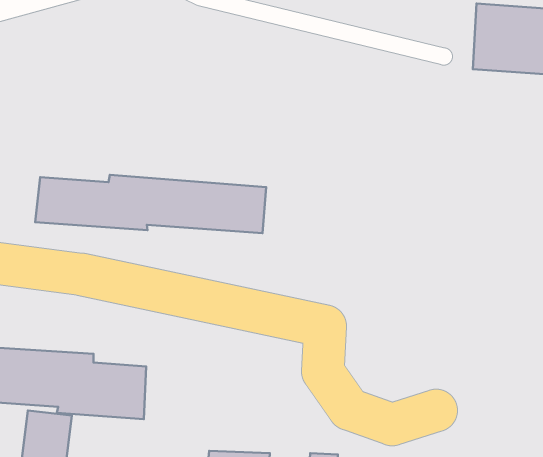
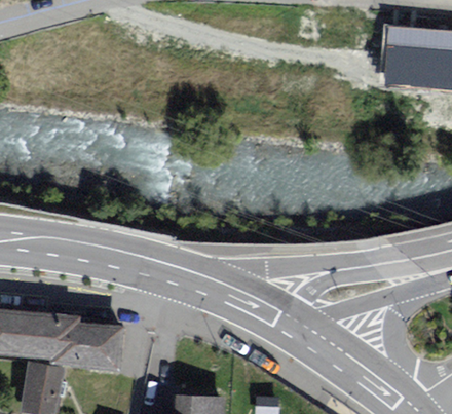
building: [35,175,266,233] -> none

